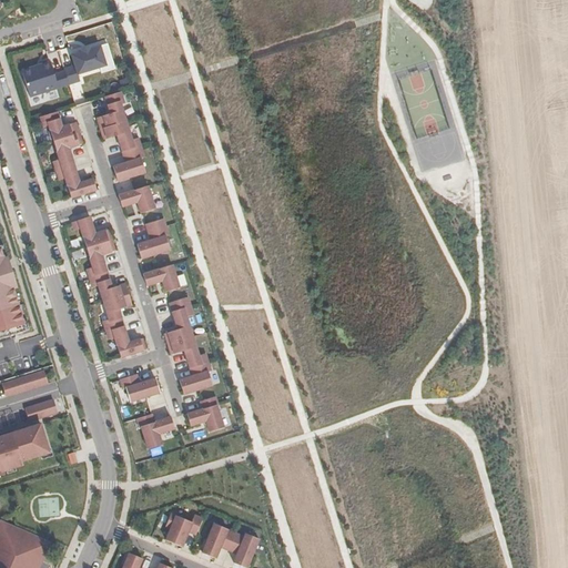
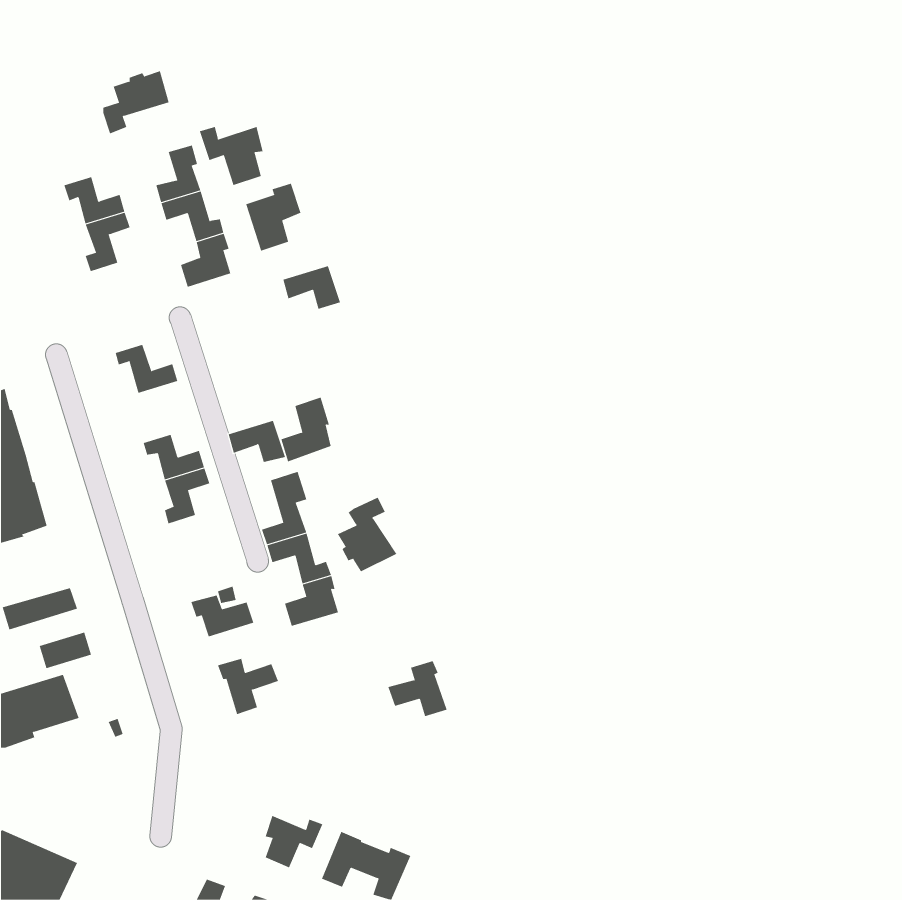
building: [21,61,69,97] -> none
building: none -> [199,126,263,186]
building: none -> [246,183,301,252]
building: [57,165,97,197] -> none
building: [119,185,155,213] -> [282,265,341,310]
building: [138,217,170,258] -> [280,397,332,462]
building: [87,240,115,278] -> none
building: none -> [337,497,397,572]
building: [105,324,145,356] -> none
building: [186,396,224,432] -> [387,661,447,717]

